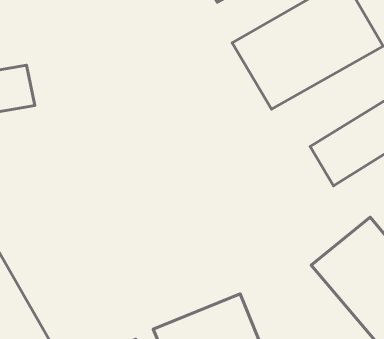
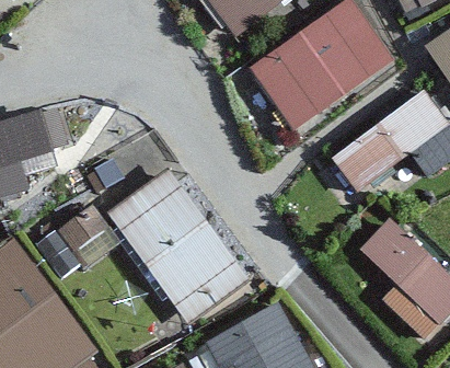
building: none -> [112,170,244,315]

